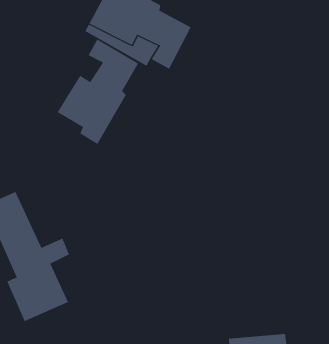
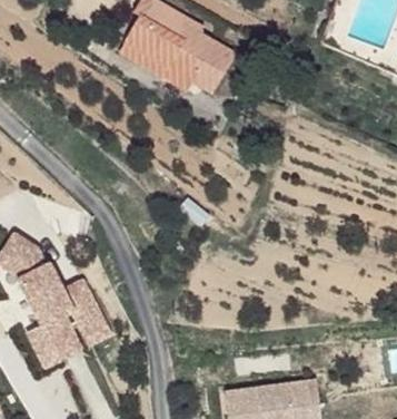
building: [57,38,139,145] -> none

